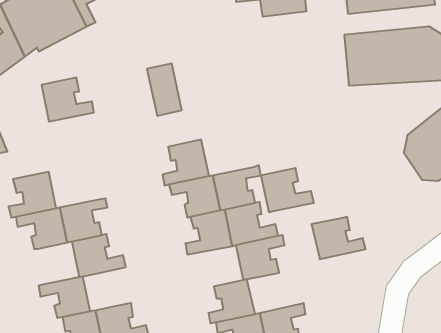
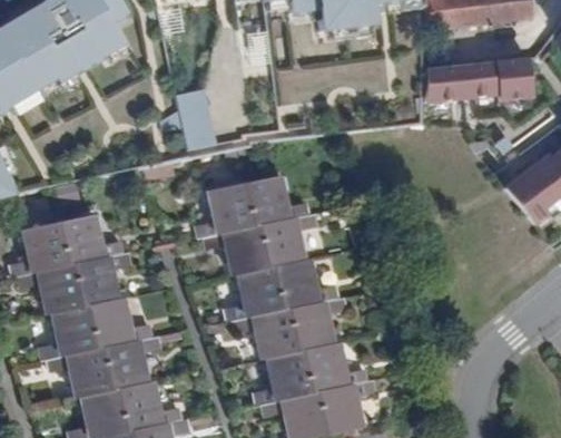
building: [42,78,94,122] -> [61,212,125,265]
building: [261,168,314,212] -> [246,173,311,226]
building: [311,217,366,259] -> [302,342,367,393]
building: none -> [41,305,98,360]
building: none -> [236,310,297,361]
building: none -> [102,335,163,390]

